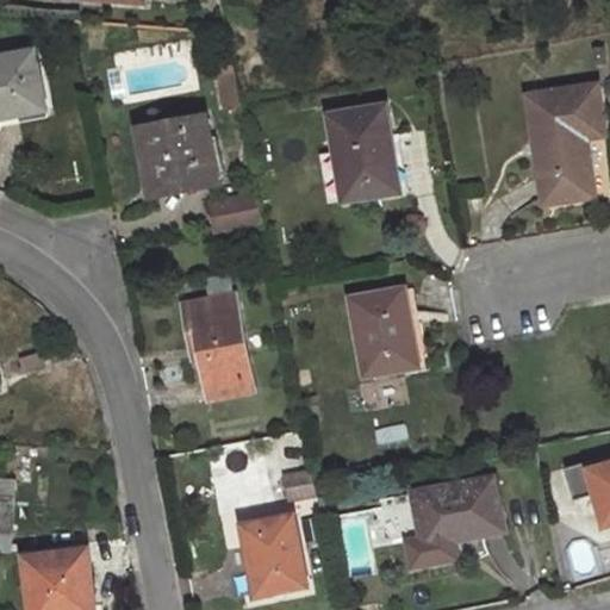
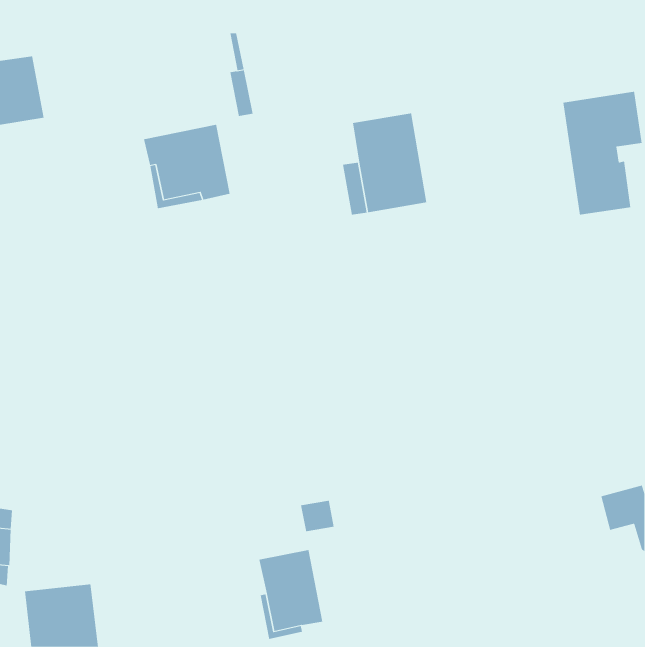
building: [208,193,261,228] -> none
building: [182,275,253,400] -> none
building: [351,288,418,374] -> none
building: [405,478,503,567] -> none

